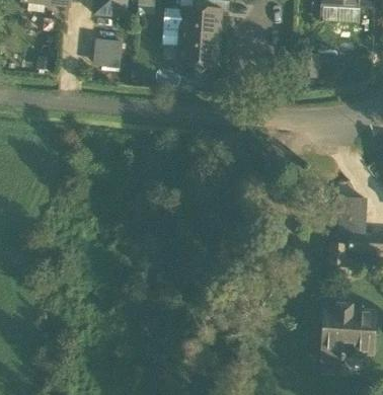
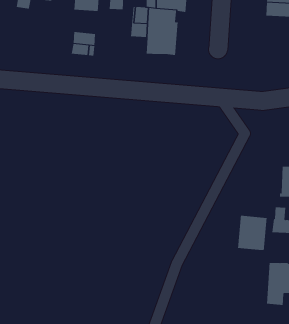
building: none -> [238,215,267,251]

